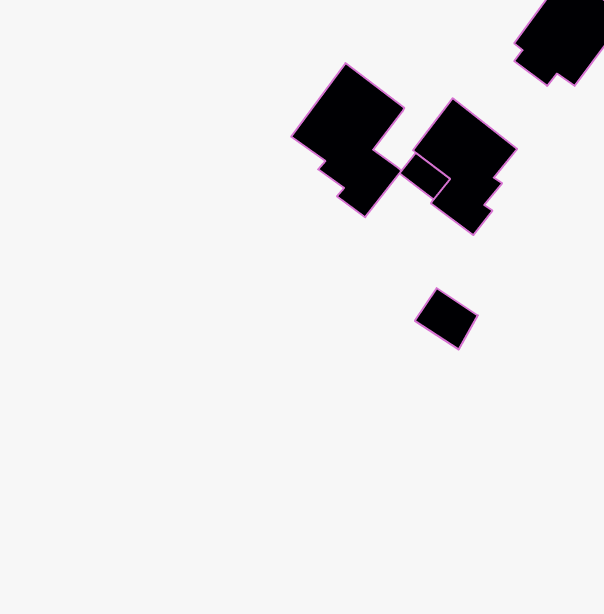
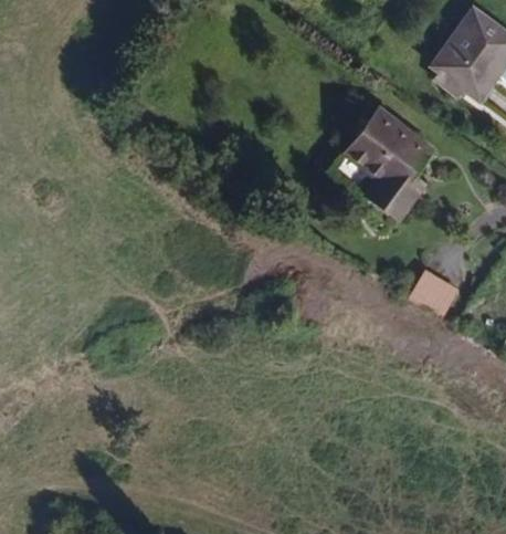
building: [291,63,404,217] -> none
building: [415,288,478,350] -> [408,266,458,316]

